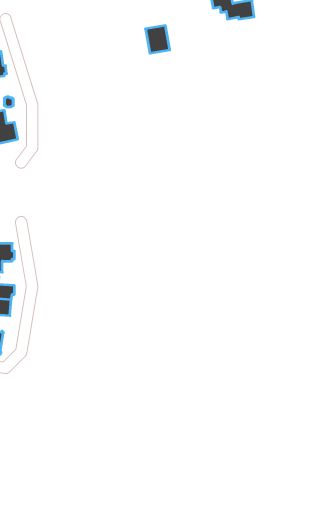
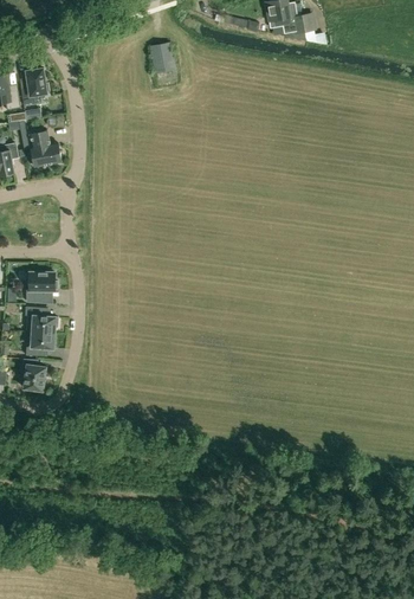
building: [145,26,170,53] -> [149,44,175,73]

